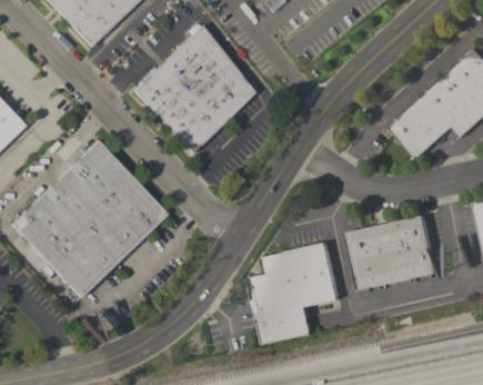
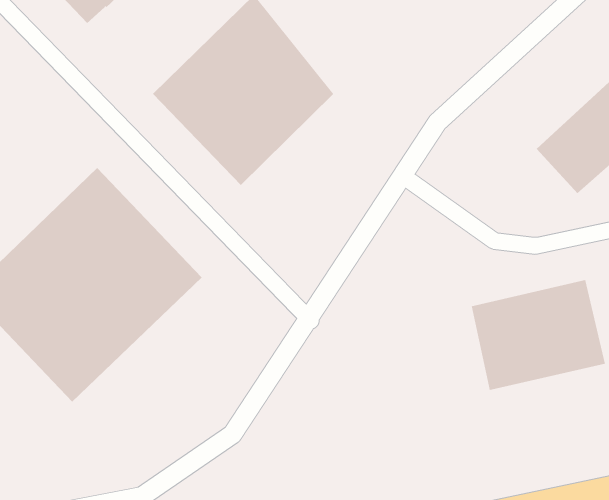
building: [249,243,339,344] -> none

